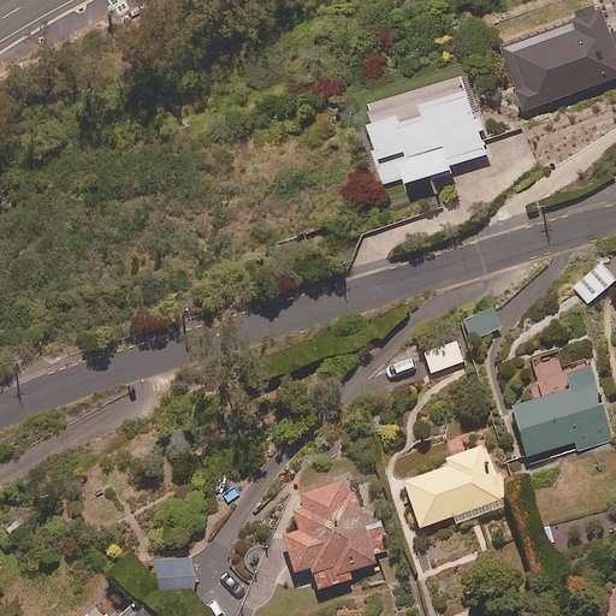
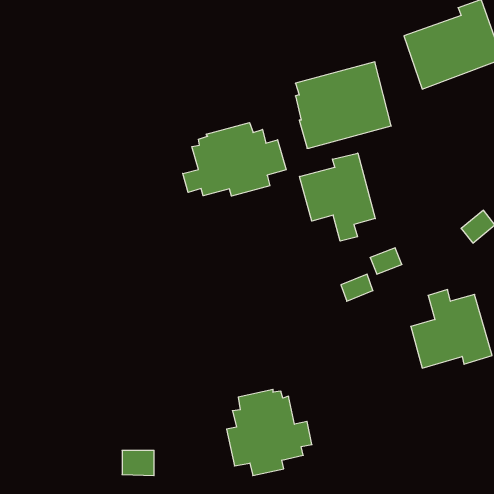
building: none -> [183,123,286,196]
building: none -> [300,153,375,241]
building: [401,445,504,529] -> none

